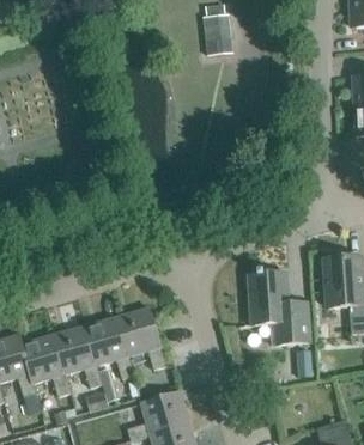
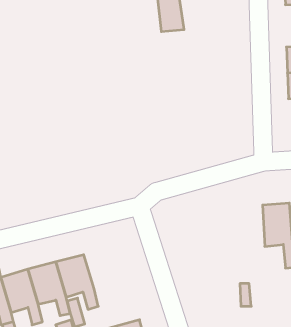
building: [250,270,311,343] -> none
building: [119,306,169,370] -> none

